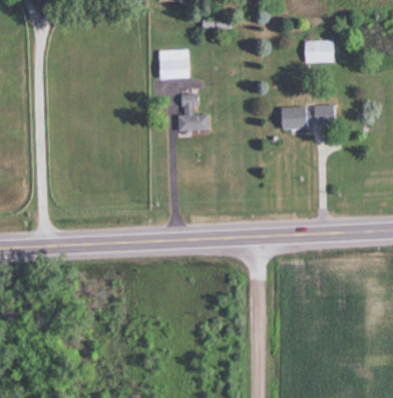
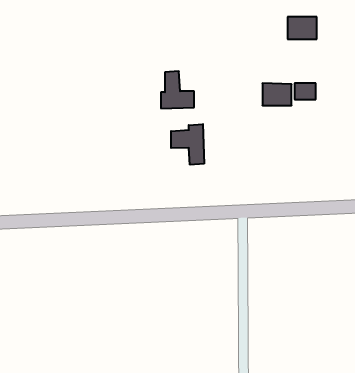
building: [159,49,189,78] -> none
building: none -> [171,124,204,165]

